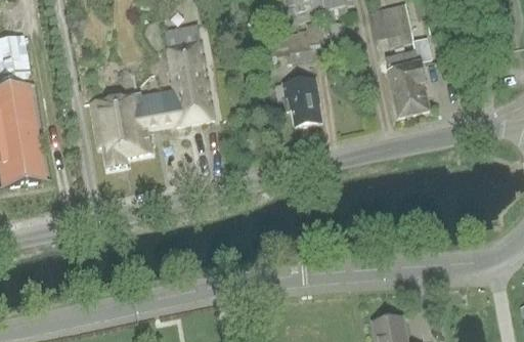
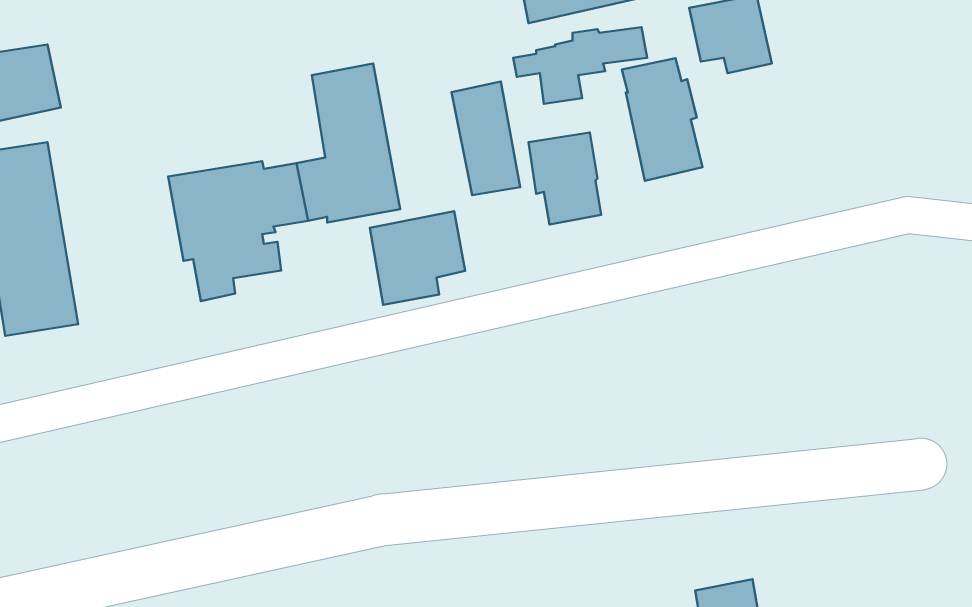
building: [166,22,204,46] -> none
building: none -> [451,82,520,195]
building: [386,50,429,116] -> [622,58,702,181]
building: none -> [370,211,465,305]

